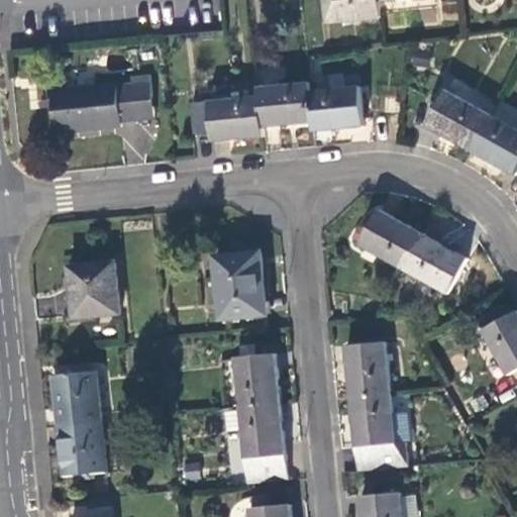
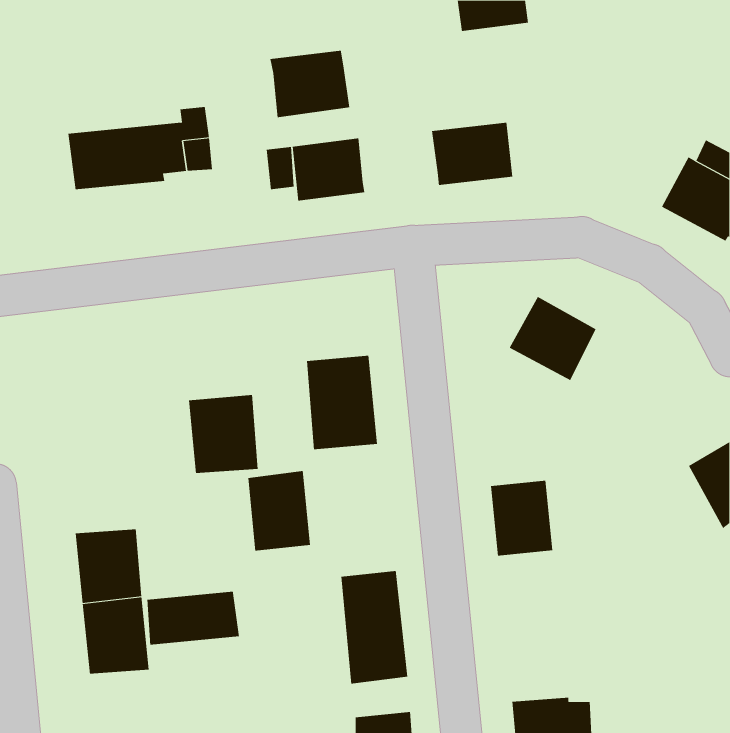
building: [250,82,307,129] -> [270,50,350,118]
building: [421,88,484,146] -> none
building: [401,232,466,293] -> none
building: [68,262,117,317] -> [188,395,258,474]
building: [234,349,279,406] -> [247,471,311,551]
building: [349,388,412,470] -> none
building: none -> [147,591,239,646]

